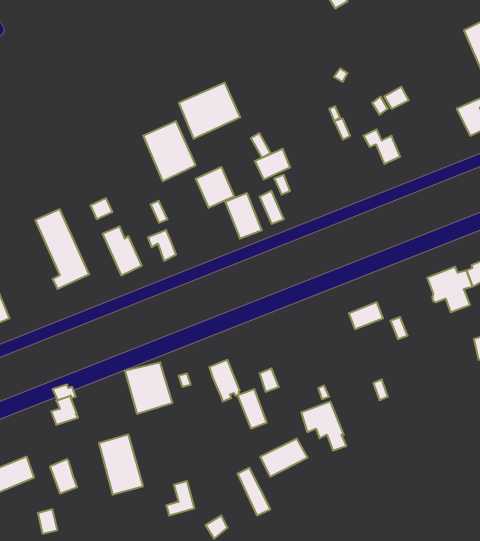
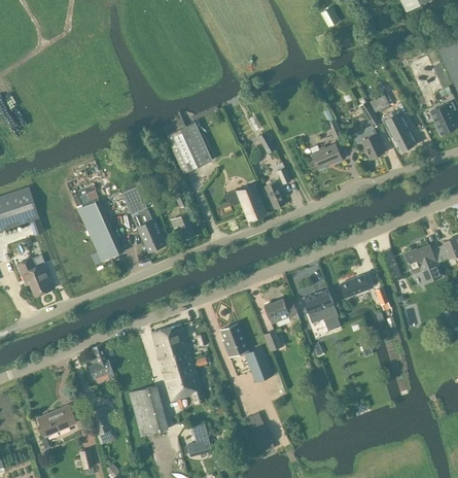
building: [179,82,240,139] -> none
building: none -> [384,112,415,151]
building: [255,149,290,179] -> [311,143,341,169]
building: [196,167,234,208] -> none
building: none -> [265,298,298,323]
building: [301,402,346,451] -> [303,288,341,330]
building: none -> [162,358,204,403]
building: [260,438,308,477] -> none

